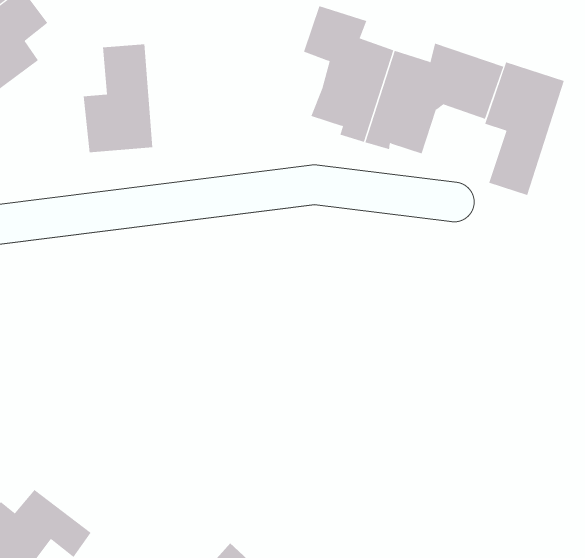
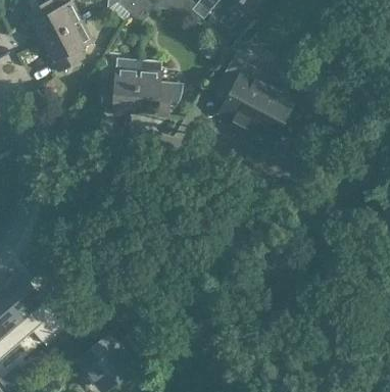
building: none -> [135,59,183,115]
building: [484,61,565,196] -> none

